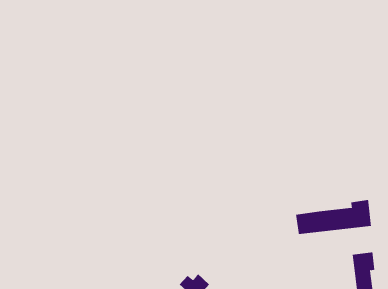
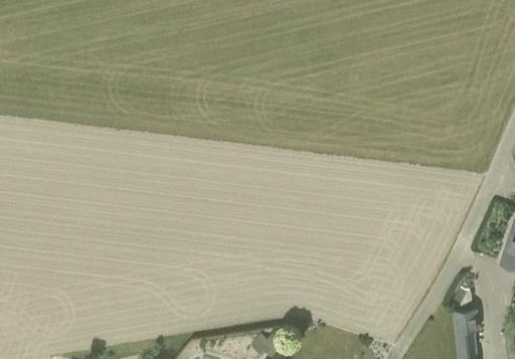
building: [296,199,372,235] -> none

